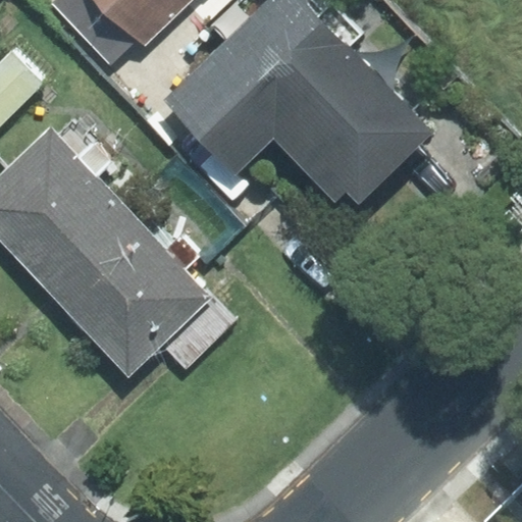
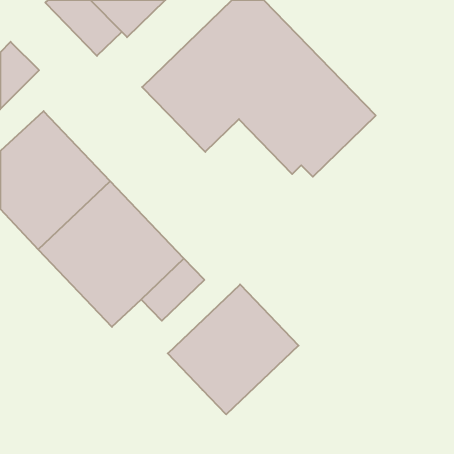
building: none -> [168,284,299,414]

